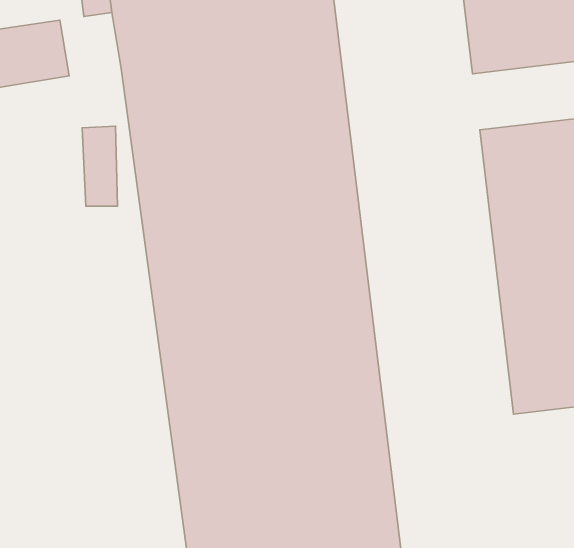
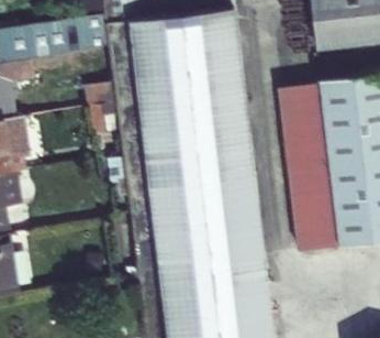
building: none -> [74,12,110,50]
building: none -> [280,83,342,254]

